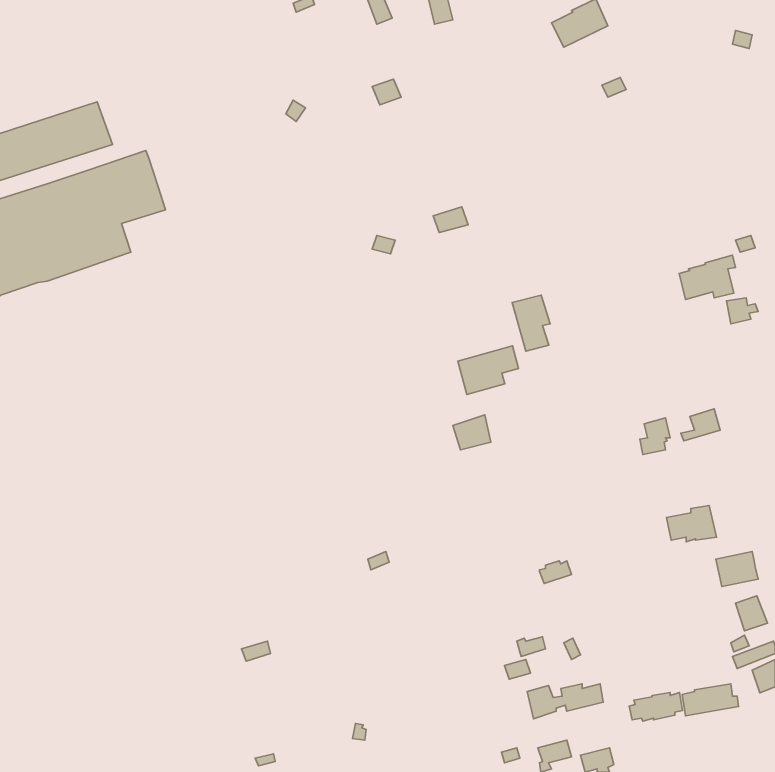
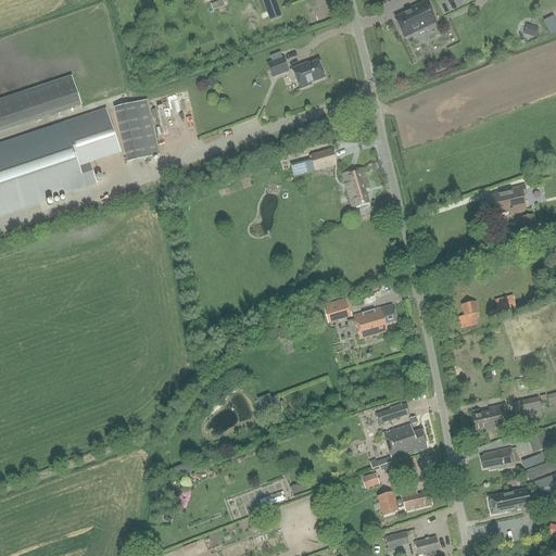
building: none -> [291,59,324,87]
building: none -> [113,98,159,160]
building: [512,295,550,351] -> [342,166,369,206]
building: [458,346,519,394] -> [353,302,396,337]
building: [666,505,717,542] -> [470,403,506,429]
building: none -> [382,421,427,457]
building: [629,692,682,721] -> [480,446,518,467]

